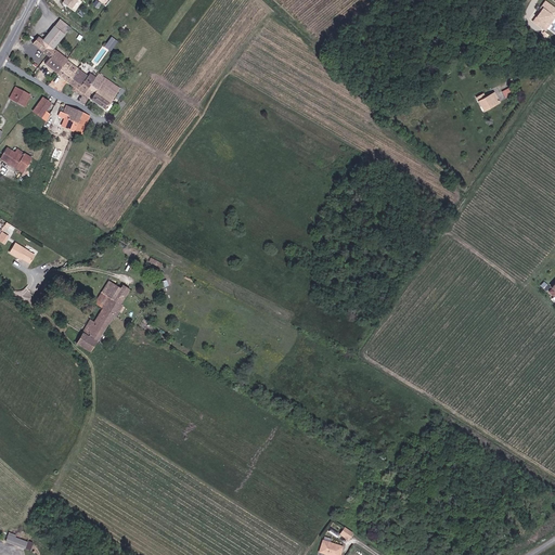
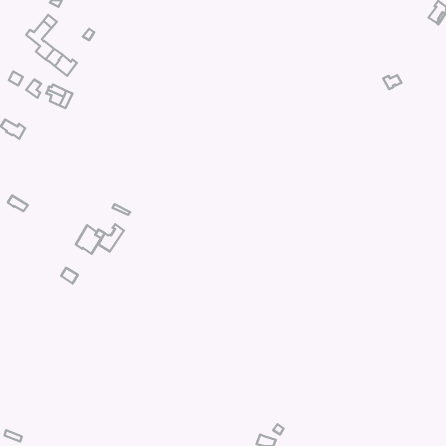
building: [83,74,120,109] -> none
building: [82,308,114,341] -> [99,224,124,251]

